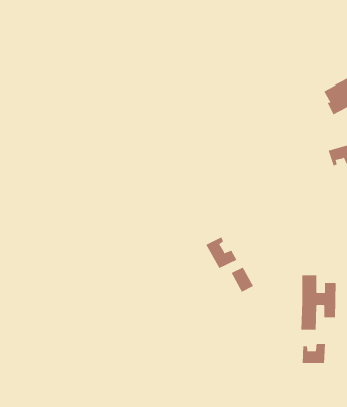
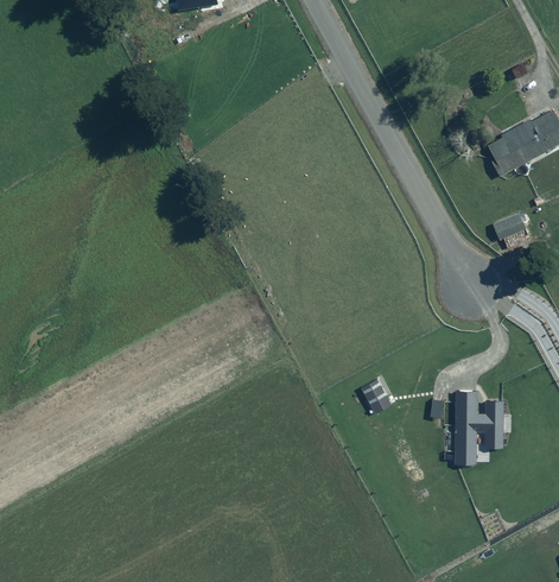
building: [205,236,237,269] -> none
building: [302,343,326,364] -> none

